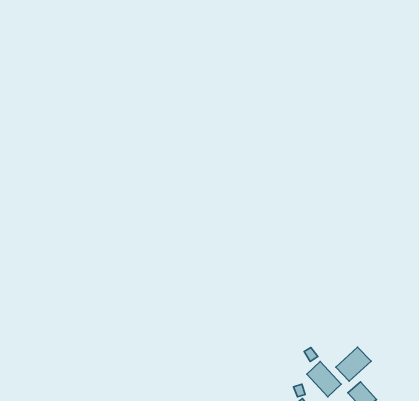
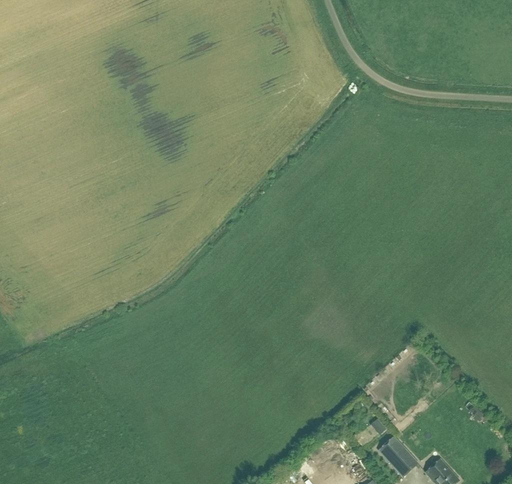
building: [336,347,371,381] -> none

